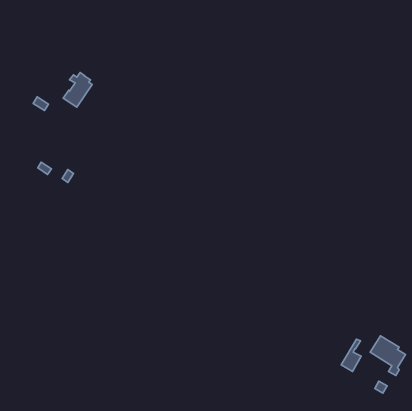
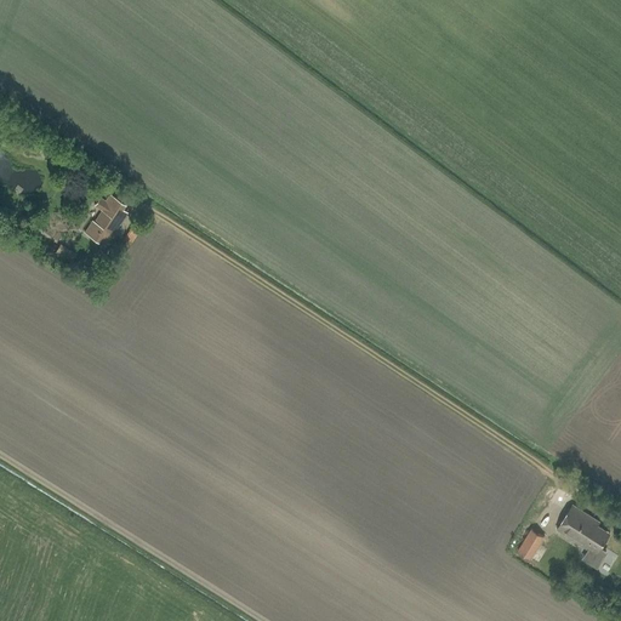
building: [63,72,92,107] -> [85,196,129,249]

